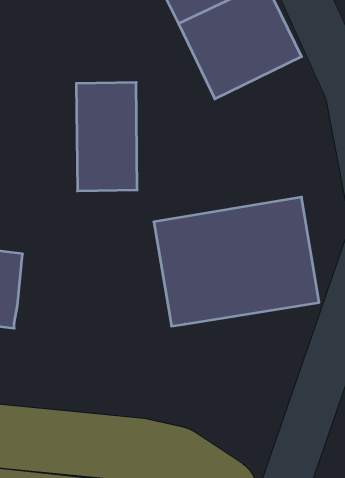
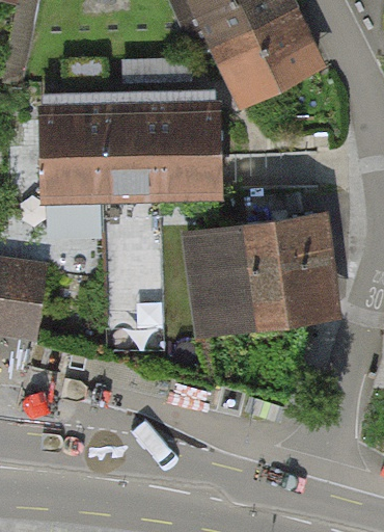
building: none -> [160,94,221,203]
building: none -> [39,96,101,204]

